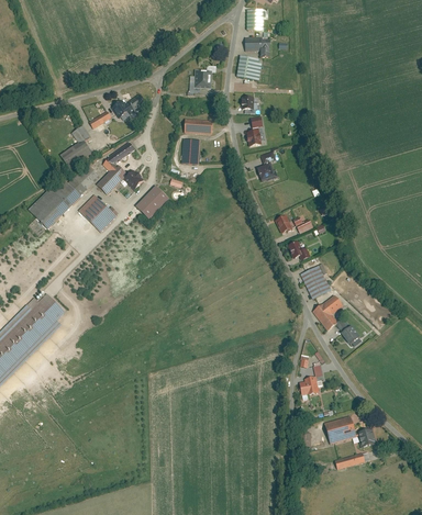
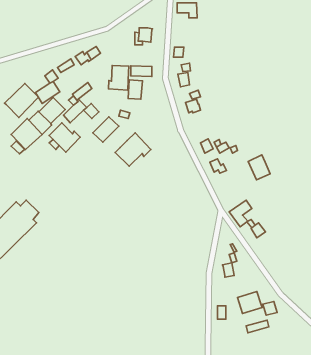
building: [237,55,263,79] -> none
building: none -> [108,65,129,90]
building: none -> [5,84,38,117]
building: none -> [115,133,151,166]
building: [301,265,330,298] -> [248,155,270,180]

